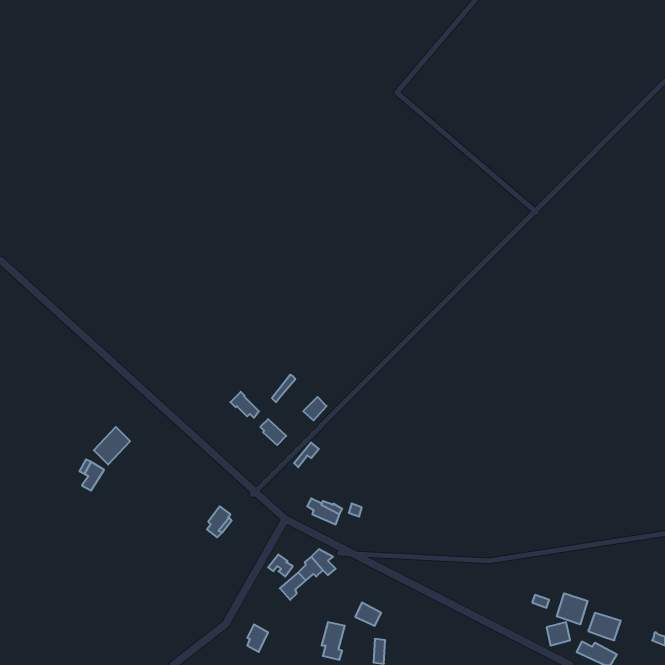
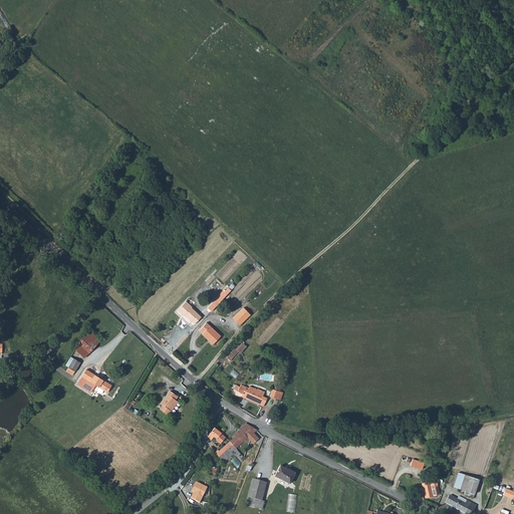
building: none -> [76,369,111,394]
building: [557,593,588,624] -> none

